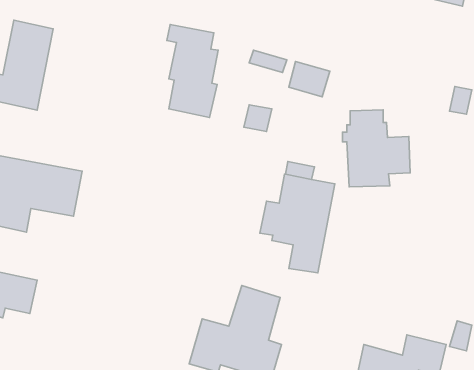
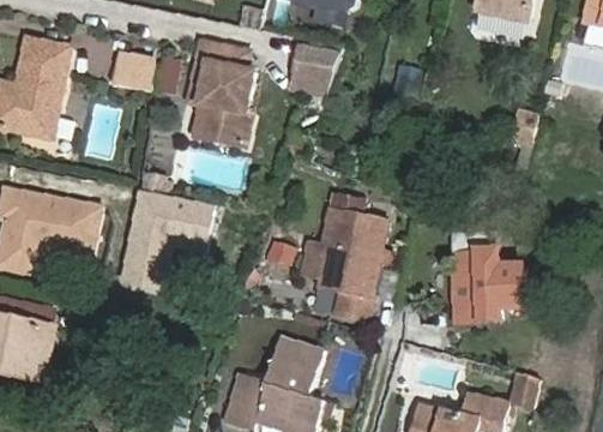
building: none -> [111,53,155,89]
building: [289,62,330,97] -> [294,41,339,80]
building: [343,110,410,187] -> [447,234,523,320]
building: none -> [119,191,212,286]

